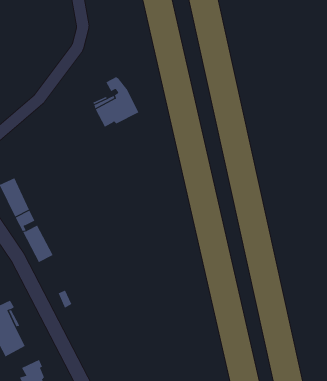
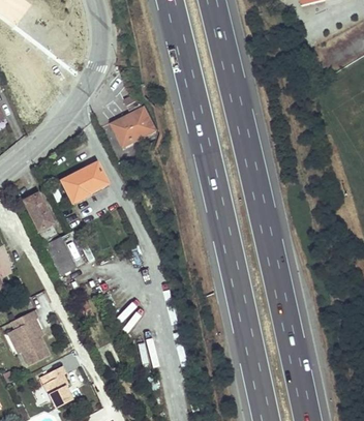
building: none -> [61,161,108,203]

